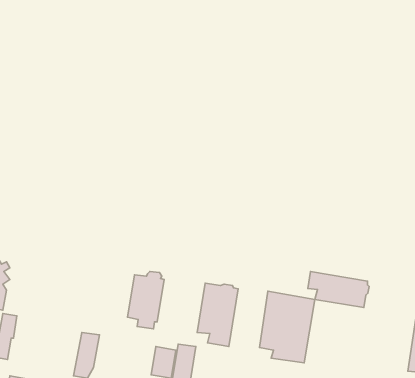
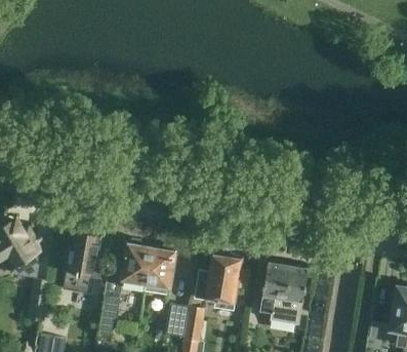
building: none -> [63,228,101,292]
building: none -> [121,238,151,288]
building: [308,272,369,308] -> none

